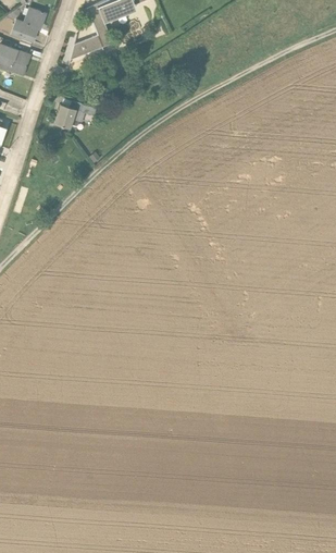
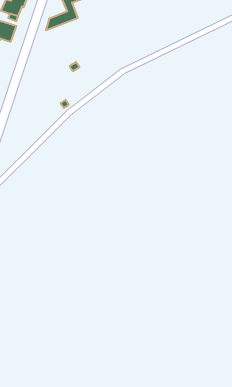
building: [53,100,96,128] -> none

